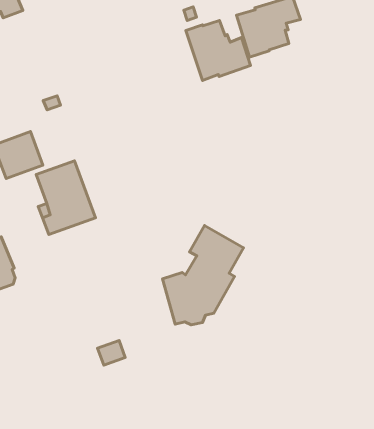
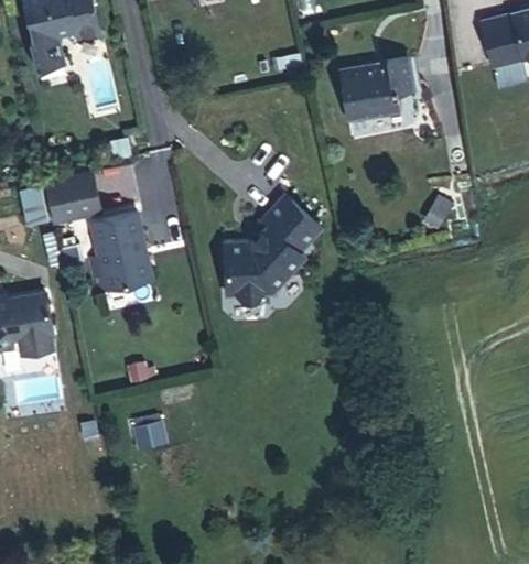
building: [186,21,251,81] -> none
building: [163,226,244,325] -> [218,186,314,296]

